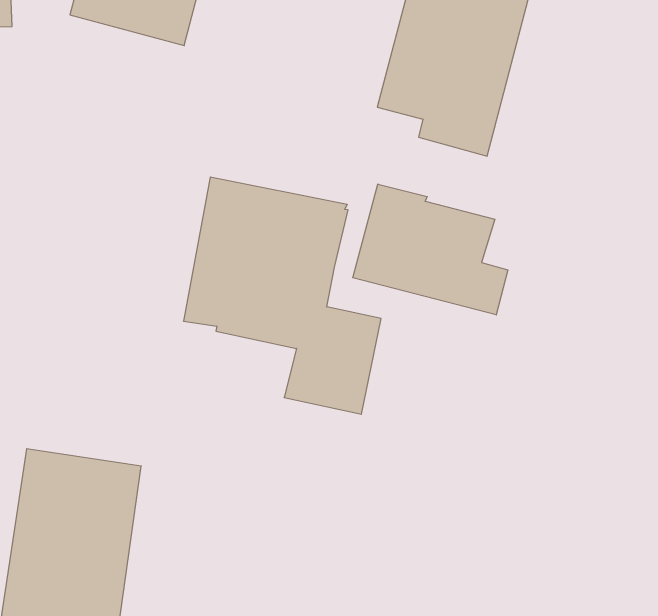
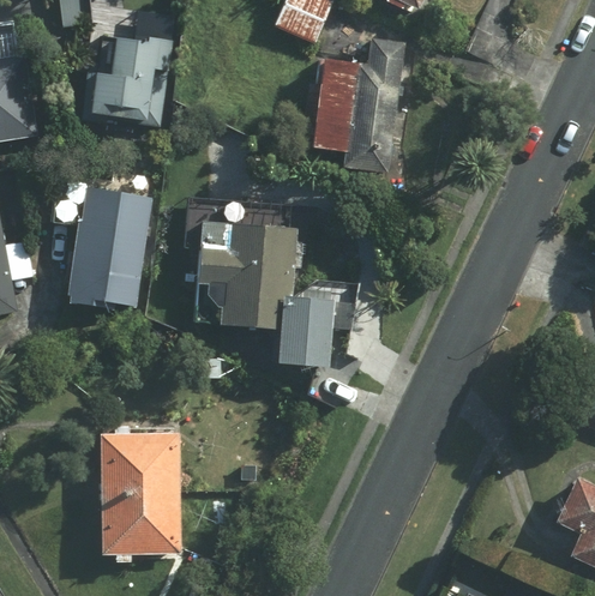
building: none -> [70,187,151,308]
building: [353,184,508,315] -> none

